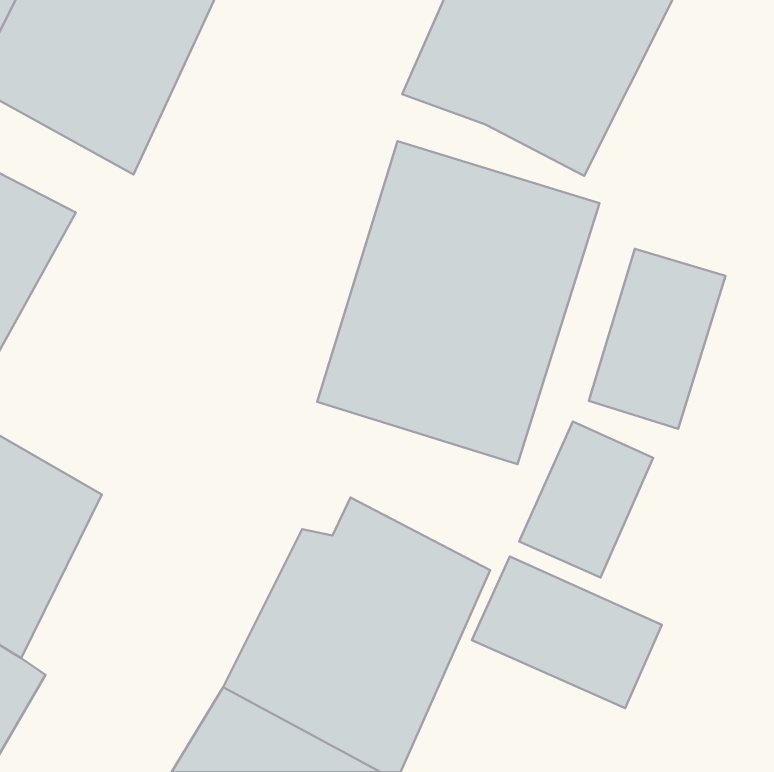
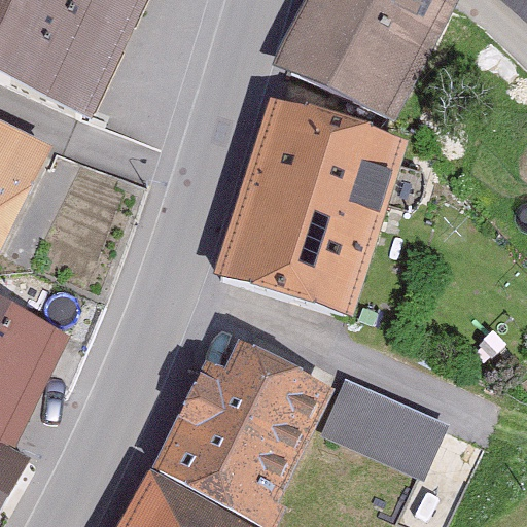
building: [589,249,725,429] -> none
building: [519,421,653,577] -> none

